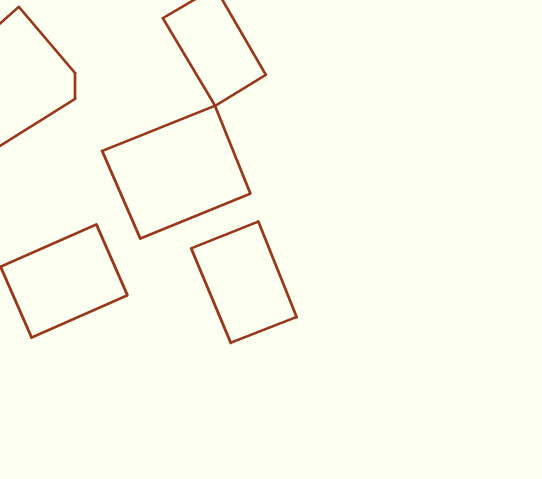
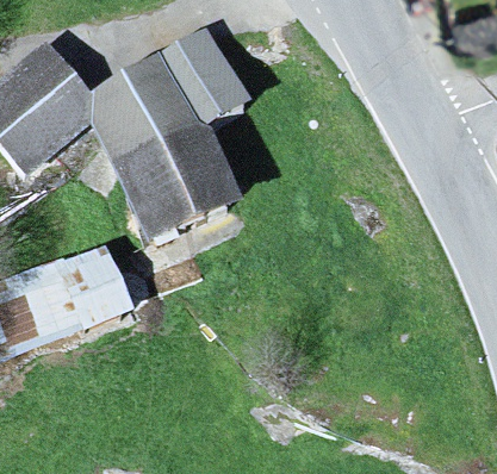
building: none -> [92,57,210,169]
building: [191,221,297,343] -> none

